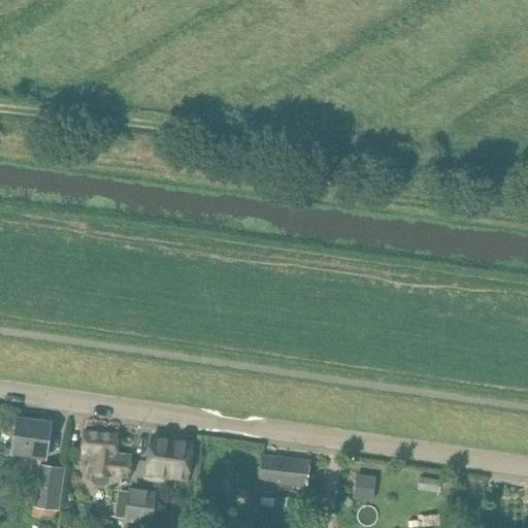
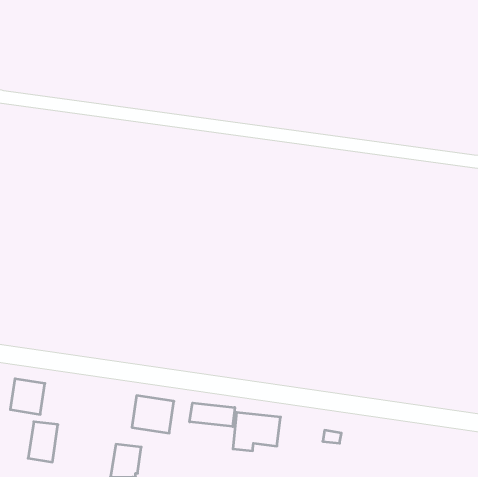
building: [82,430,130,487] -> none
building: none -> [190,403,235,427]

